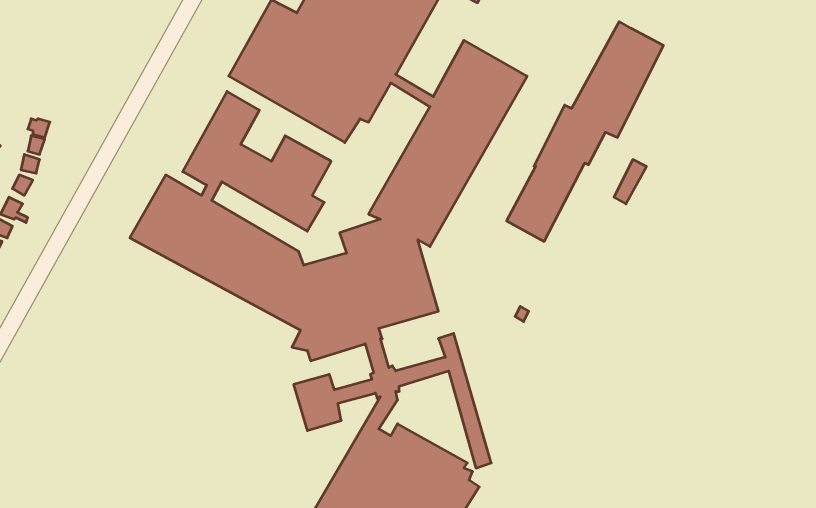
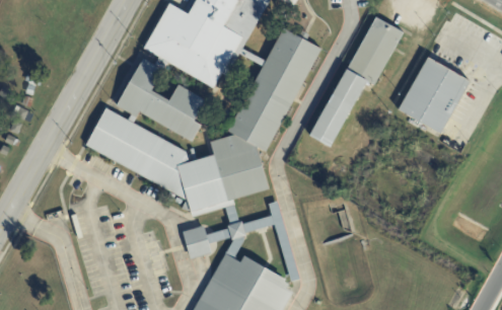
building: none -> [396,56,469,133]

